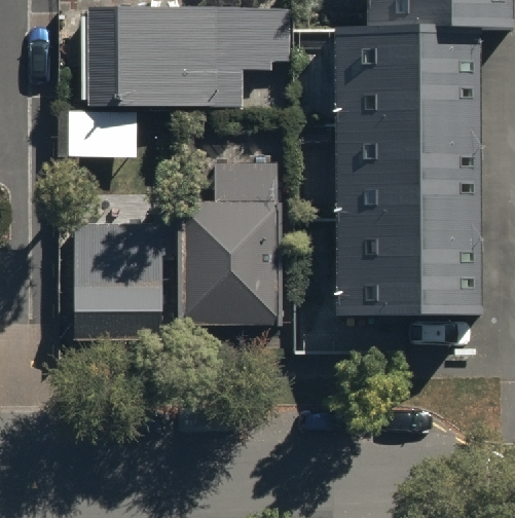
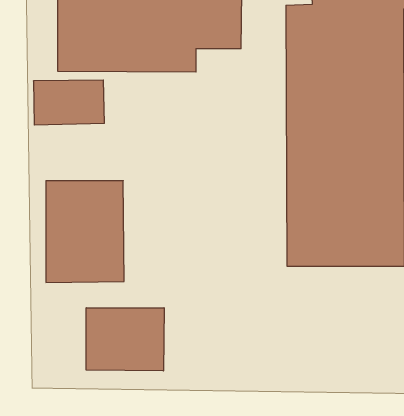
building: [176,159,284,323] -> none
building: none -> [86,308,164,371]

